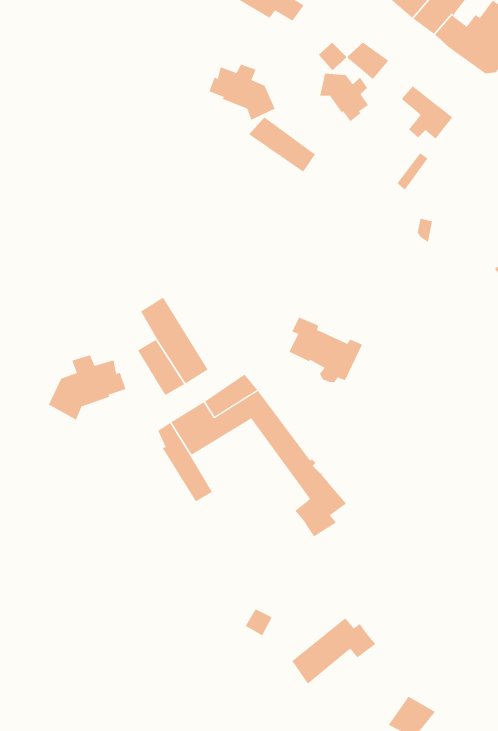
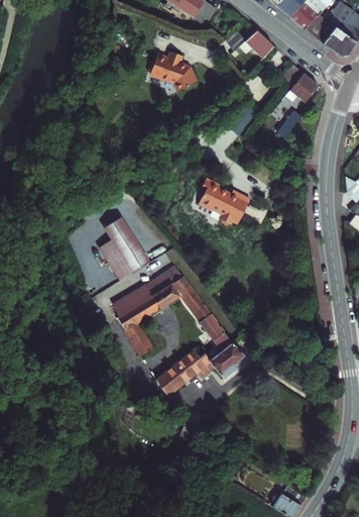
building: [319,73,369,122] -> none
building: [248,117,316,172] -> none
building: [289,317,363,382] -> [198,179,249,224]
building: [48,355,126,420] -> none
building: [292,617,376,684] -> [155,348,214,395]

